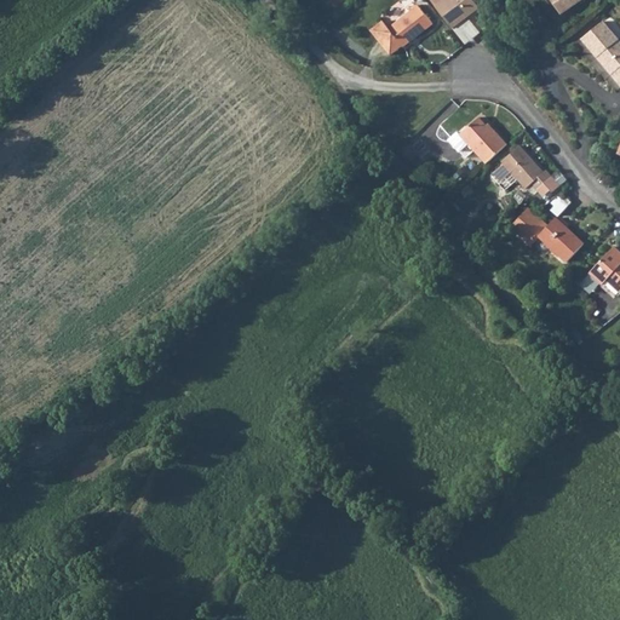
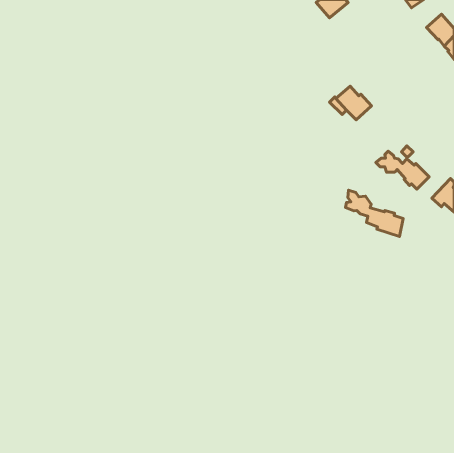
building: [369,5,430,56] -> none
building: [492,145,561,194] -> none
building: none -> [346,190,403,236]

